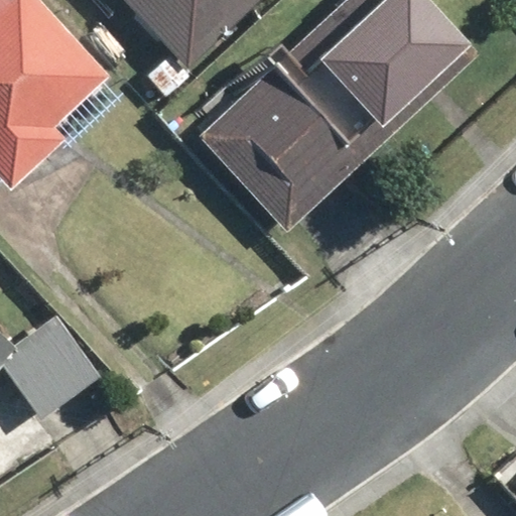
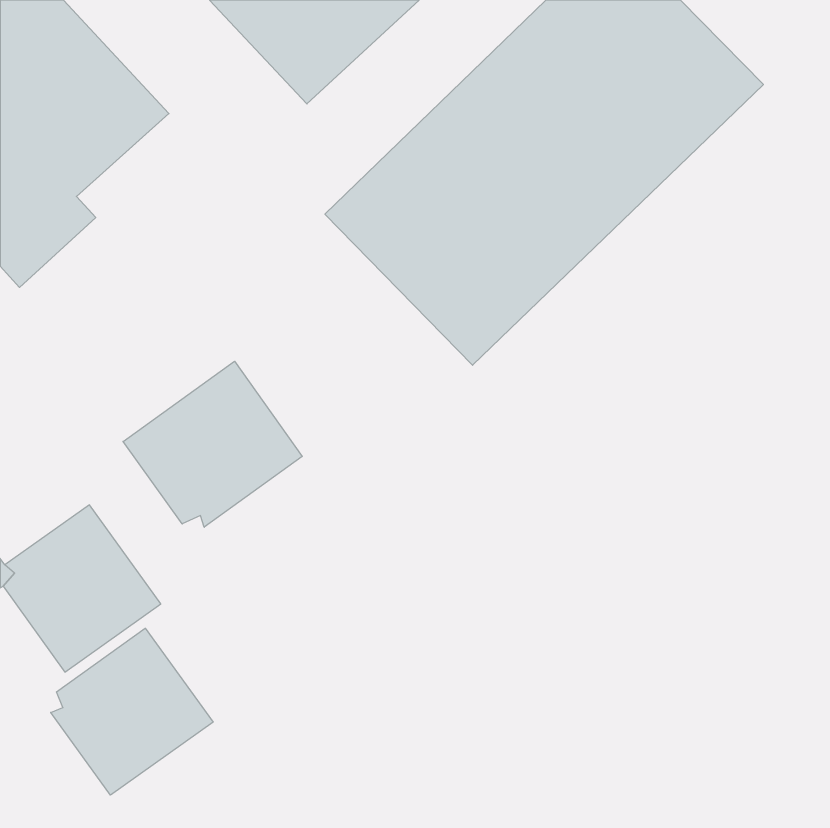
building: none -> [123,361,302,527]
building: none -> [51,628,213,795]

